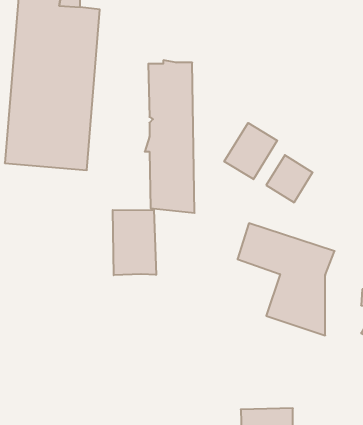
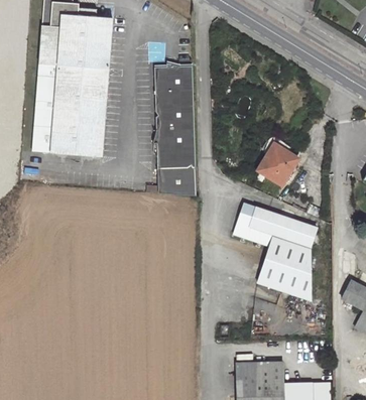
building: [224,123,277,179] -> none
building: [113,210,156,275] -> none

